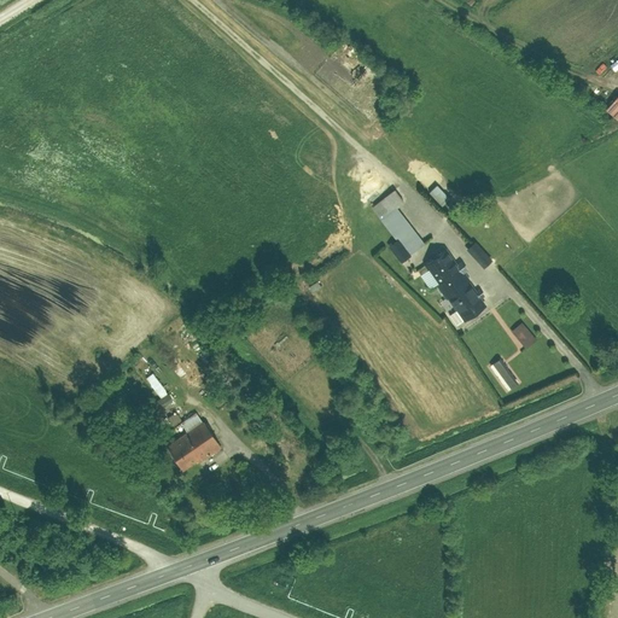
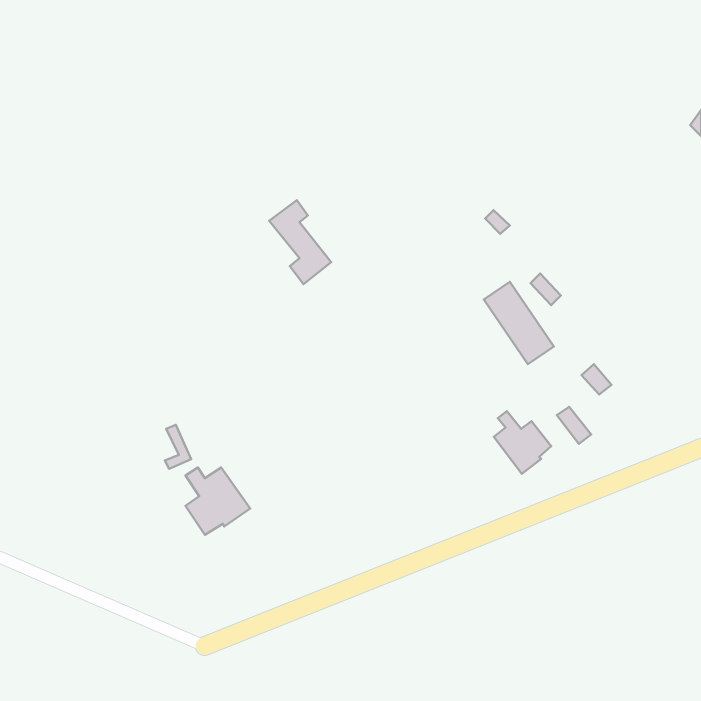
building: [371,190,425,263] -> [269,200,331,284]
building: none -> [494,411,551,474]

